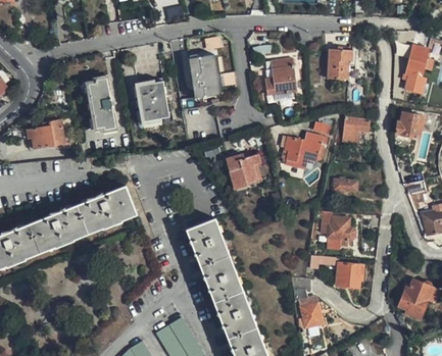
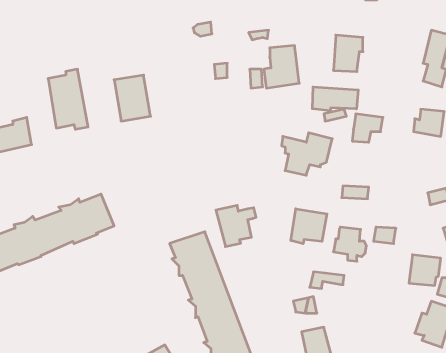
building: [188,55,220,100] -> none
building: none -> [312,87,358,111]
building: [227,153,261,189] -> [216,205,256,247]
building: none -> [291,209,327,244]
building: [337,262,364,289] -> [409,255,441,285]

